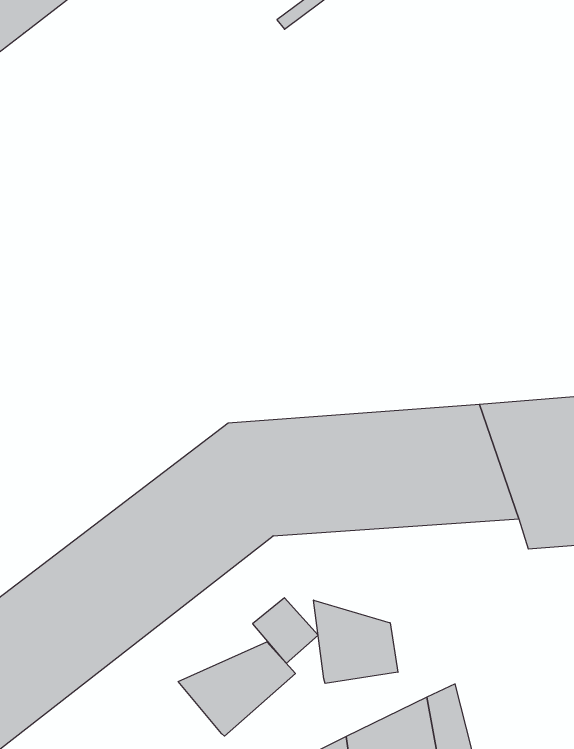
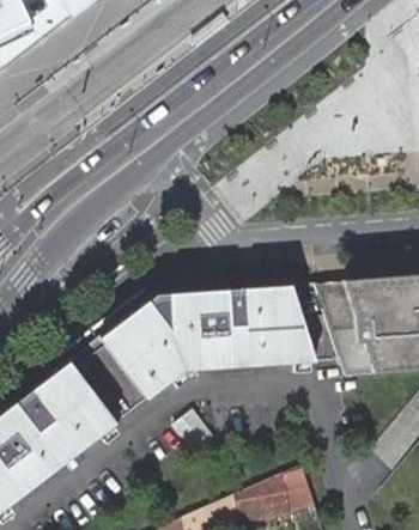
building: [314,600,398,683] -> none
building: [178,642,295,736] -> none

